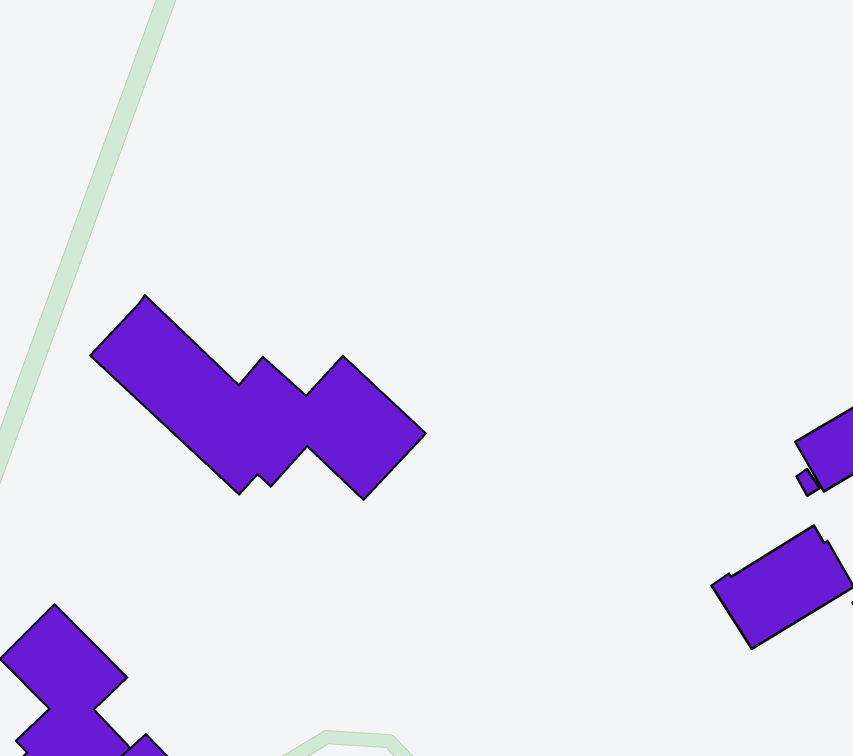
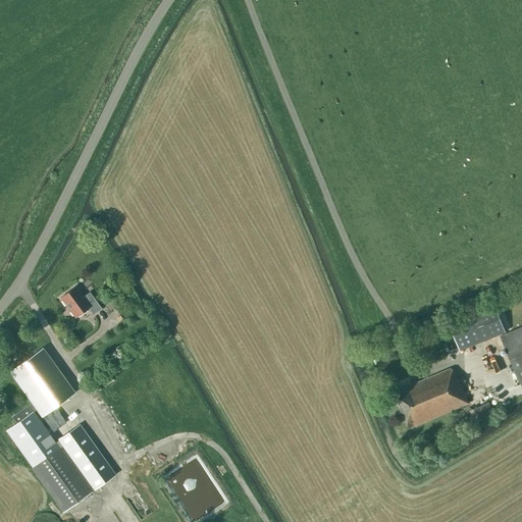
building: [90,295,426,500] -> none
building: none -> [61,288,103,318]

